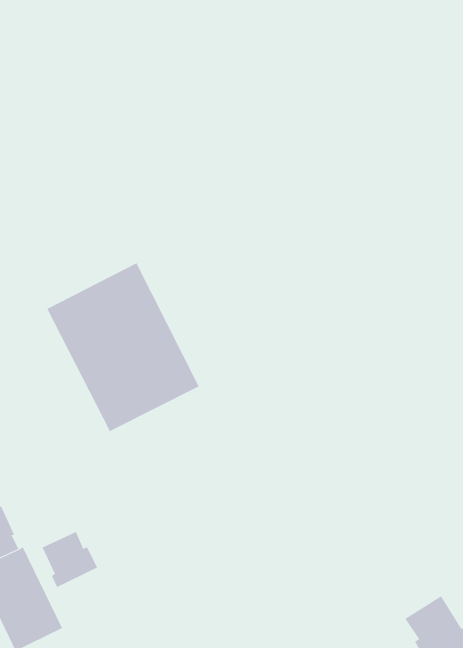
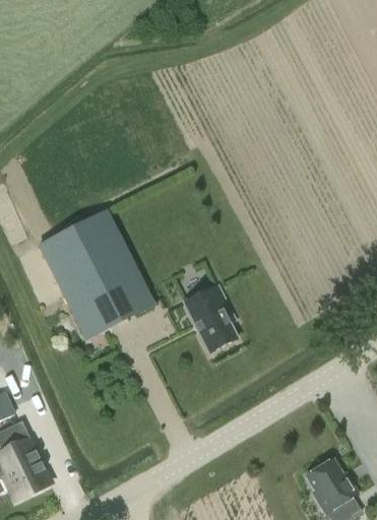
building: none -> [185,285,237,351]
building: [42,531,98,588] -> none

